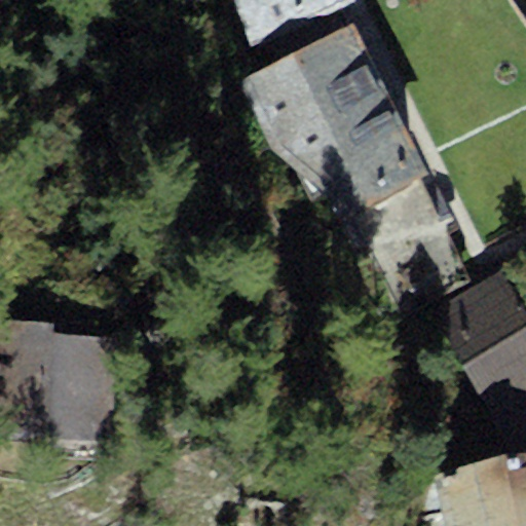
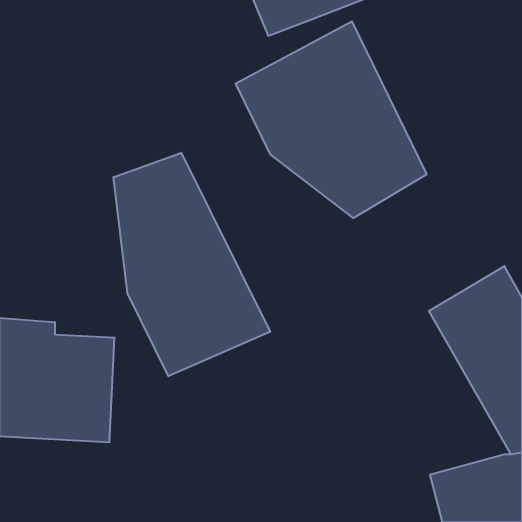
building: none -> [113,153,270,376]

